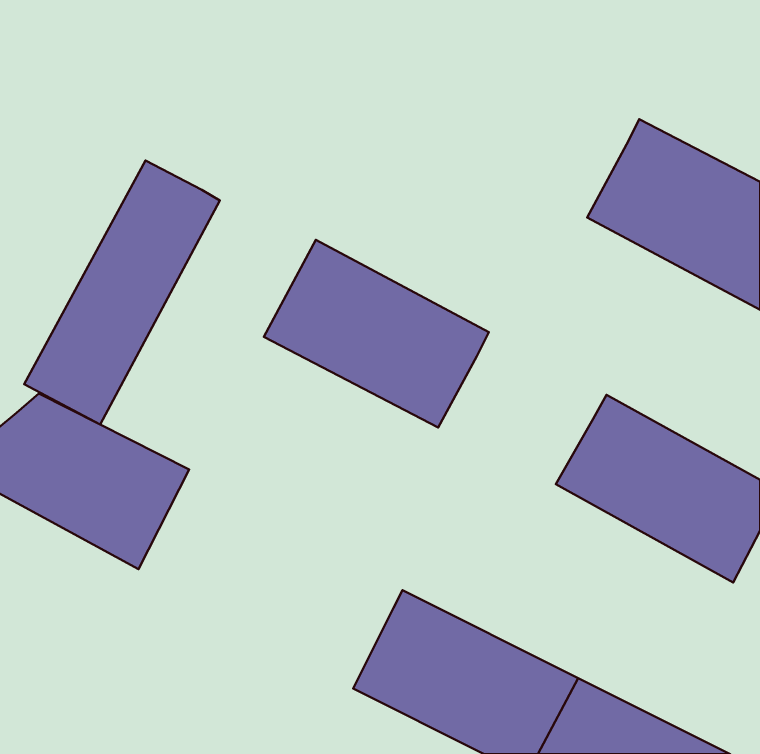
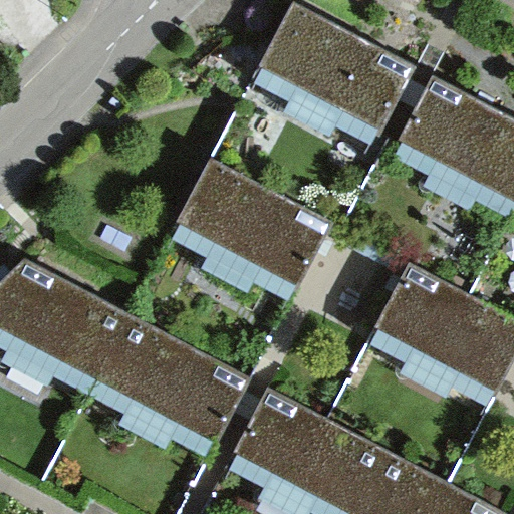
building: none -> [257,8,413,139]
building: [24,160,220,424] -> none
building: none -> [93,316,246,443]

